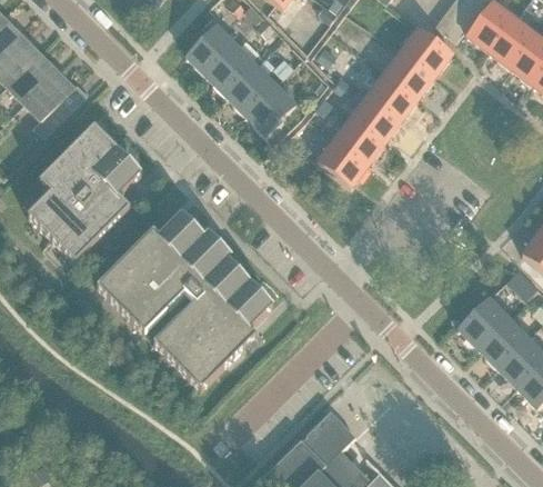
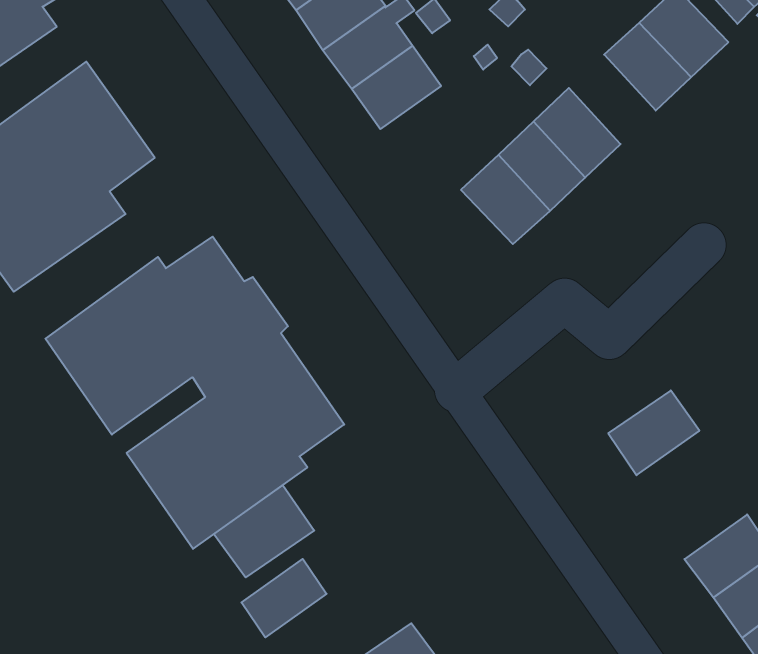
building: [368,70,419,119] -> none
building: [457,296,509,347] -> [608,390,699,475]
building: none -> [214,485,314,577]
building: none -> [241,559,327,637]

